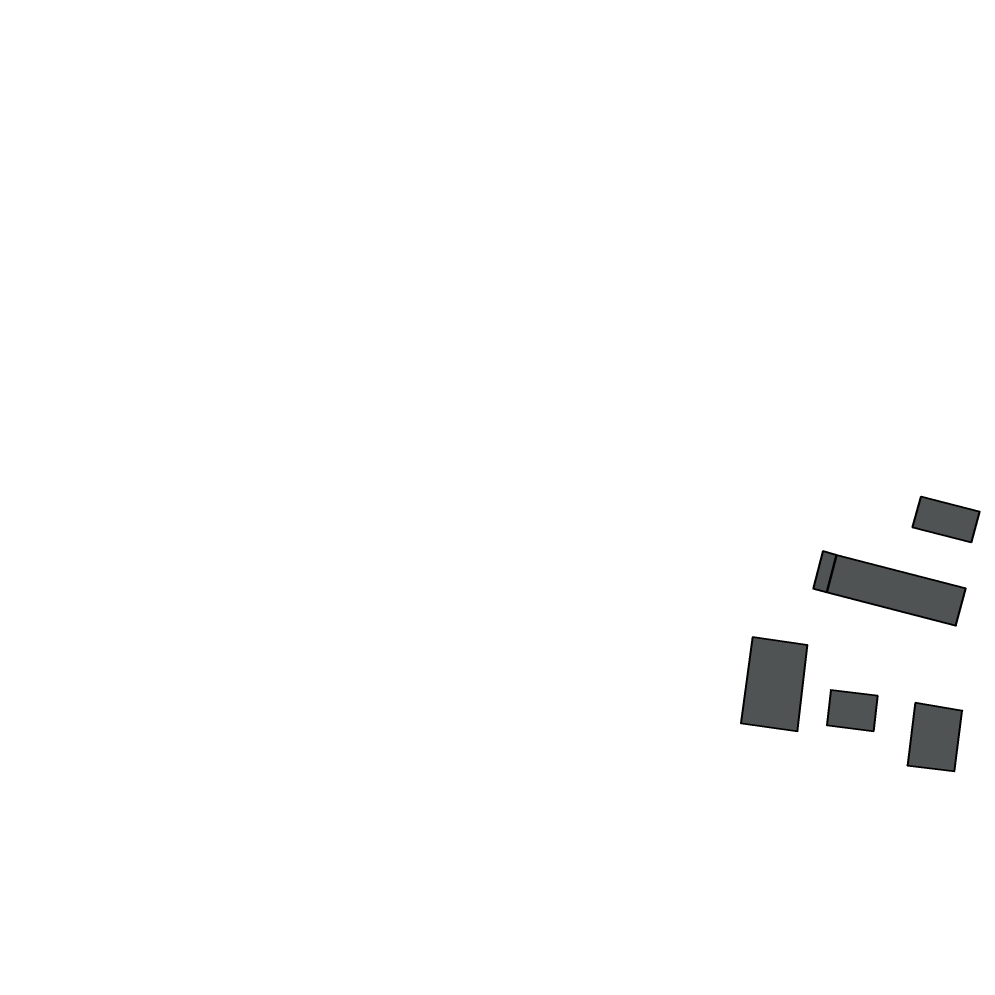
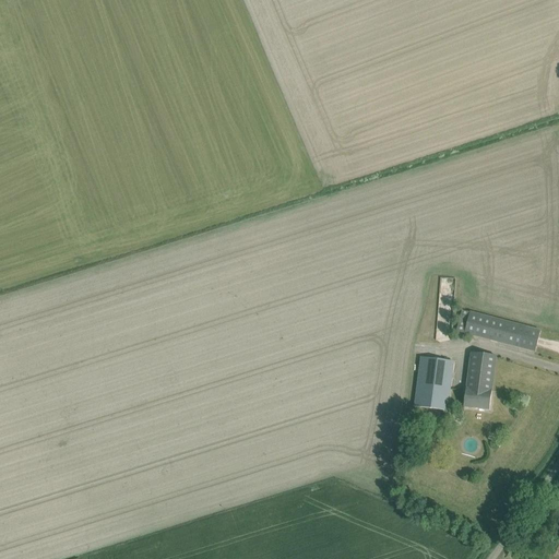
building: [913,497,980,542] -> none
building: [907,703,962,771] -> [464,350,495,389]

